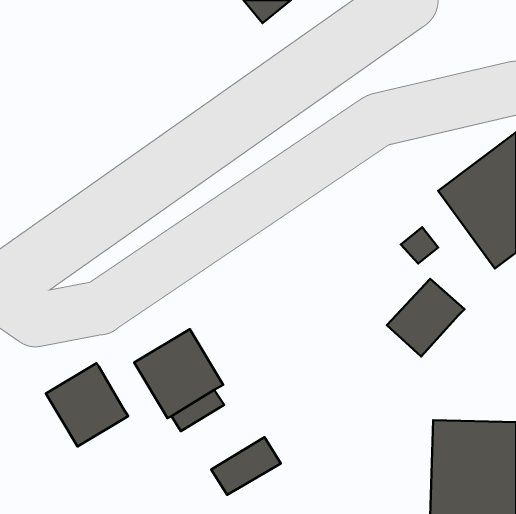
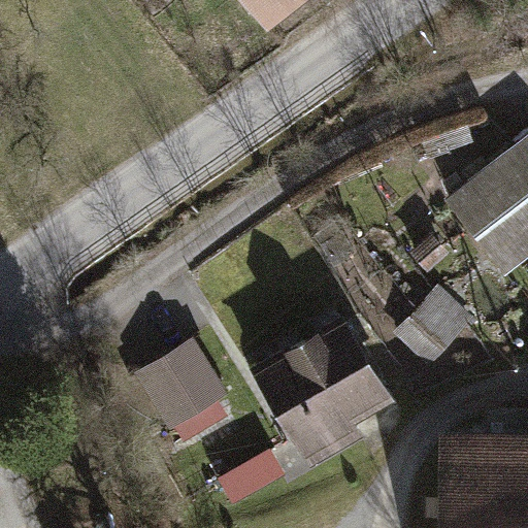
building: none -> [250,312,395,468]
building: [46,363,128,446] -> none

